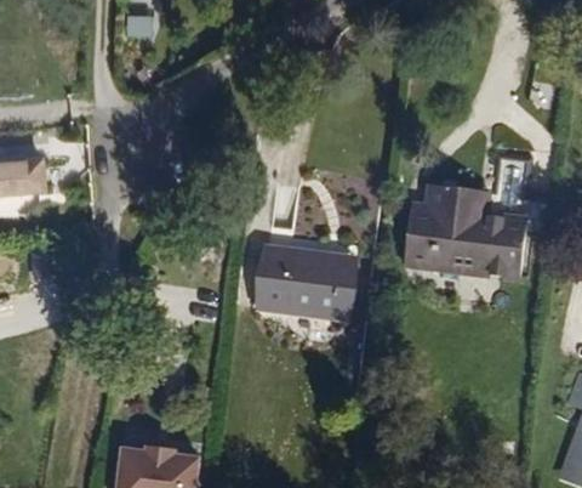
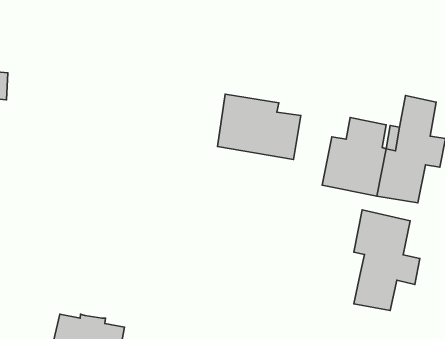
building: [252,244,346,313] -> [217,94,301,160]
building: none -> [354,210,420,310]

